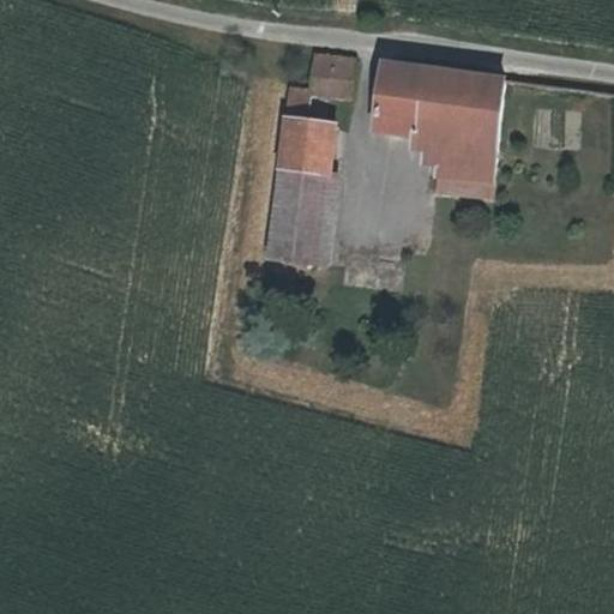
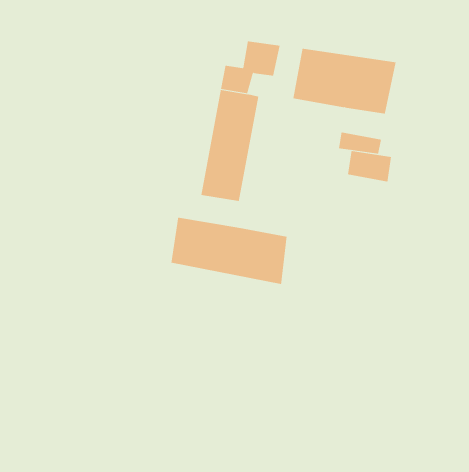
building: [440,139,498,180] -> [347,150,392,182]
building: none -> [171,217,287,285]

